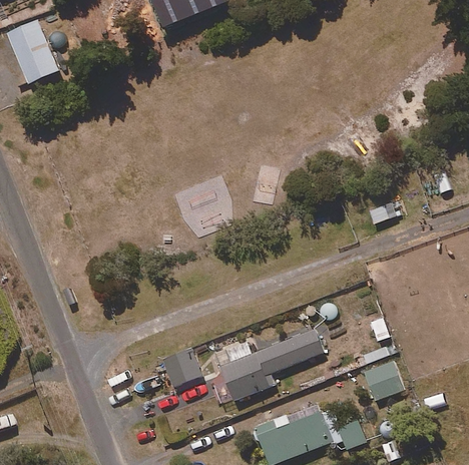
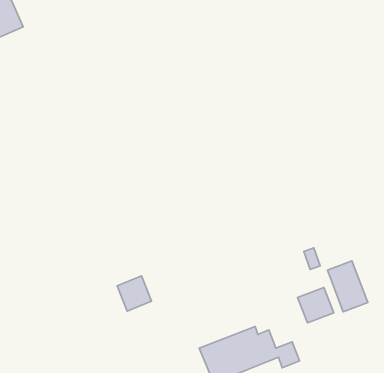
building: [219,329,323,401] -> none
building: none -> [327,261,368,312]

